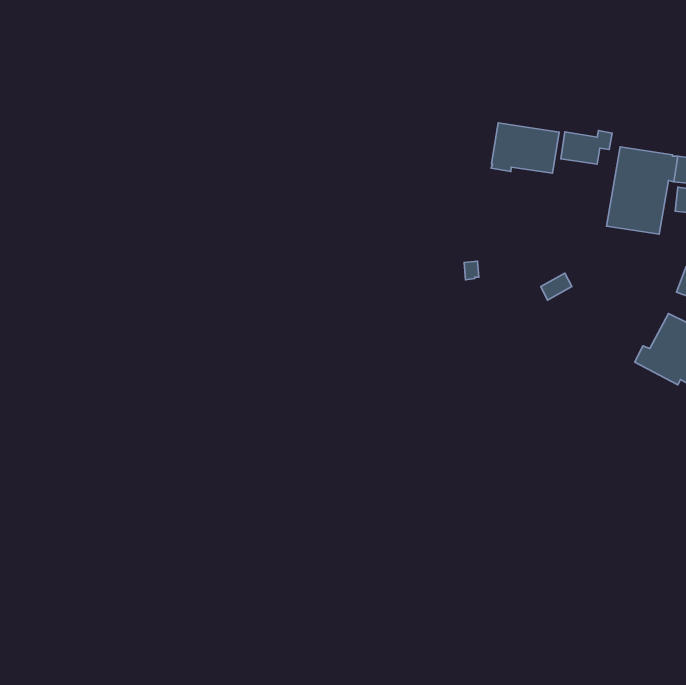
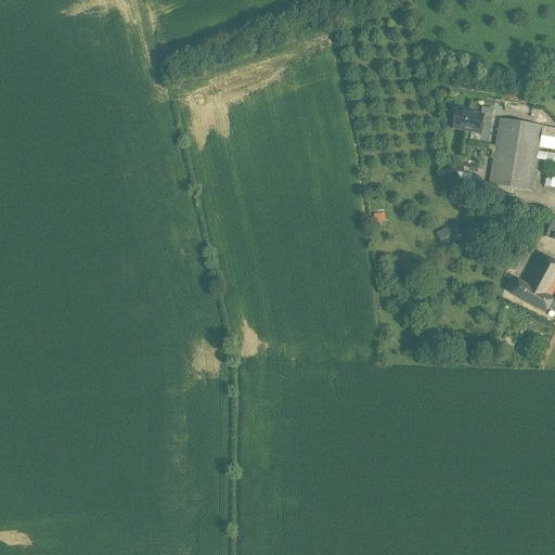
building: [491,123,559,173] -> none

